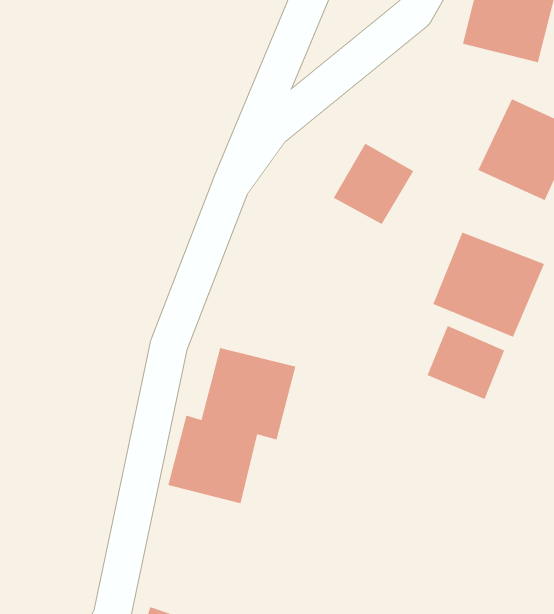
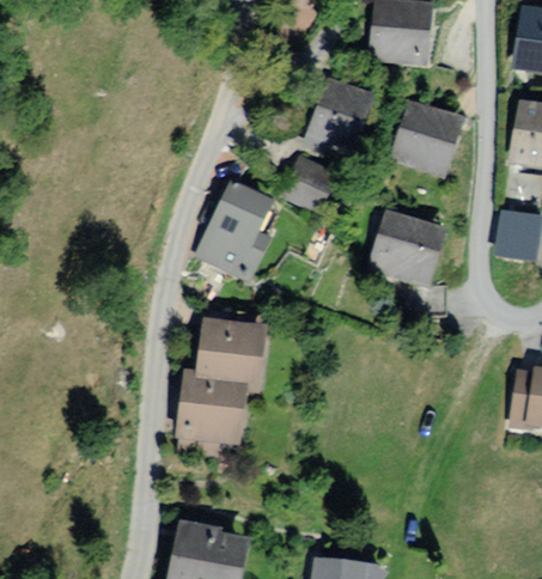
building: none -> [309,80,372,150]
building: none -> [199,189,270,279]
building: [427,325,505,400] -> none

